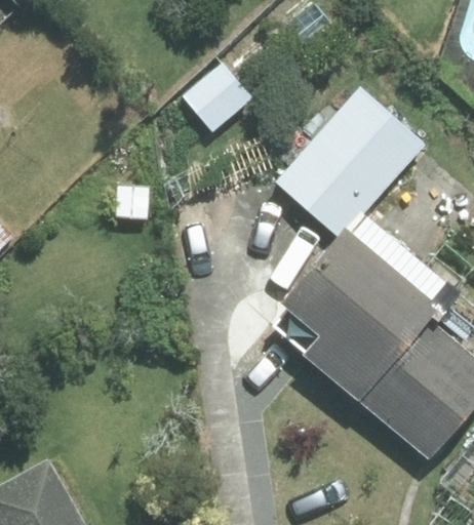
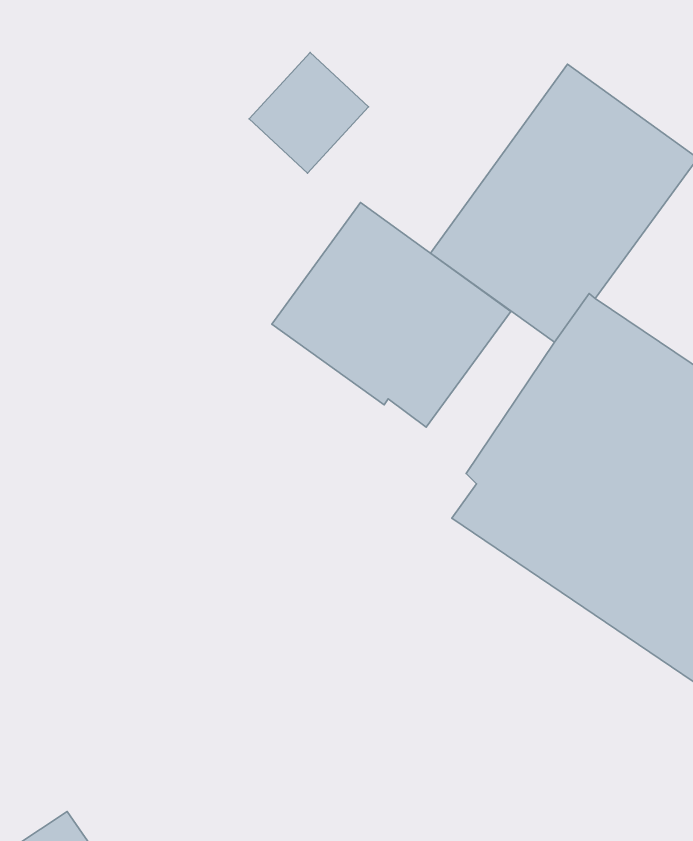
building: none -> [272,202,511,427]

